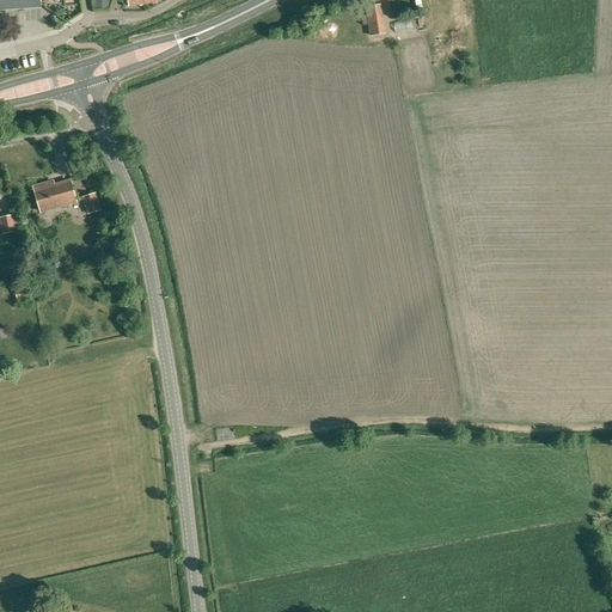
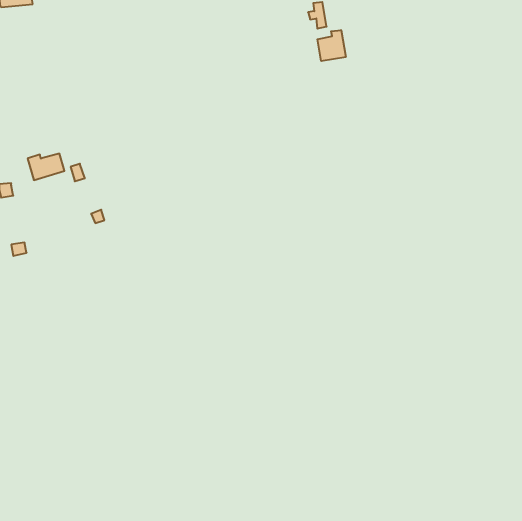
building: none -> [317,30,346,61]

